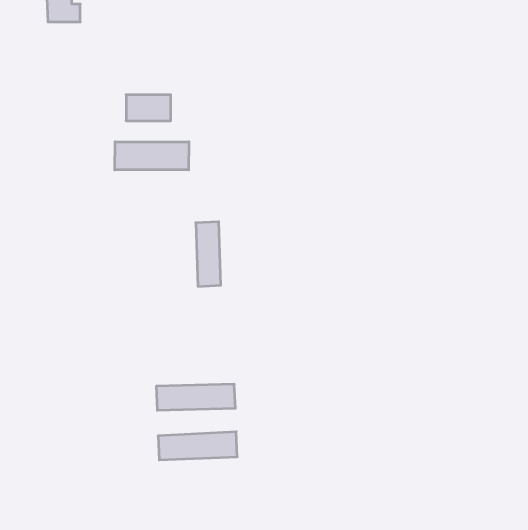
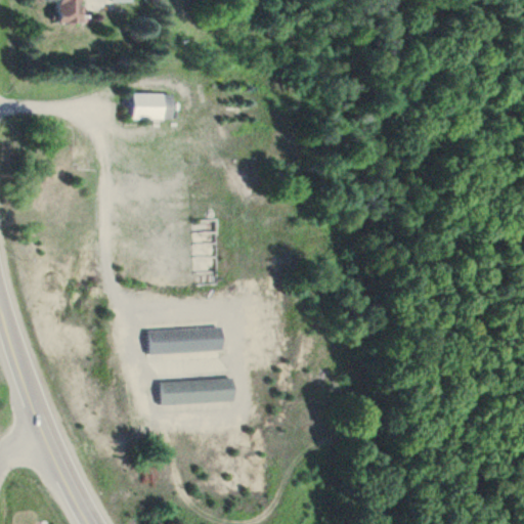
building: [115,142,189,170] -> none
building: [158,432,237,460] -> [145,325,223,353]

